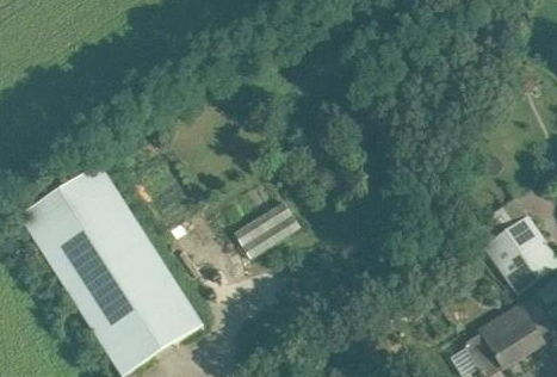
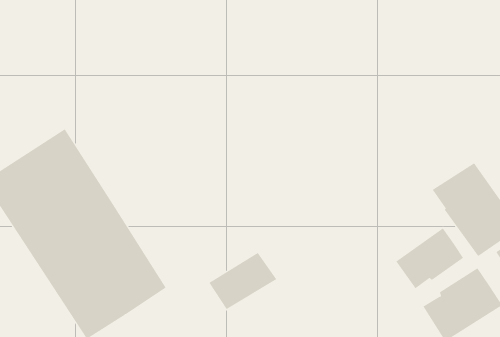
building: [234,198,303,257] -> [209,252,277,310]
building: none -> [396,227,464,289]

